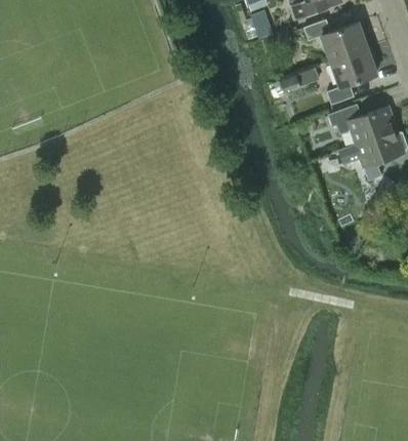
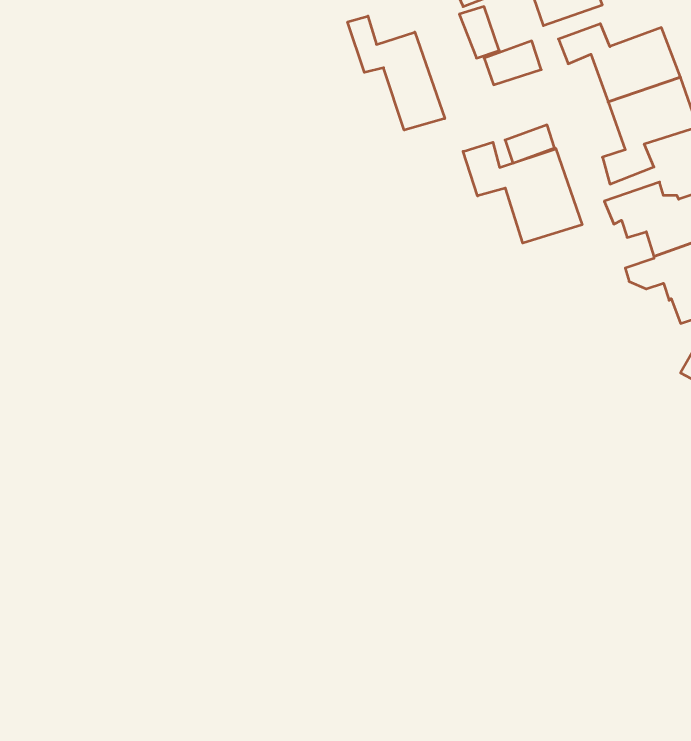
building: none -> [348,16,445,130]
building: none -> [463,142,582,243]

